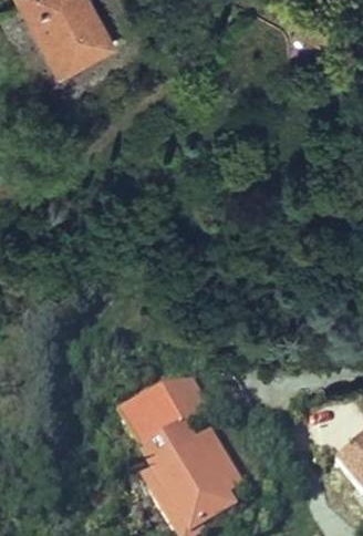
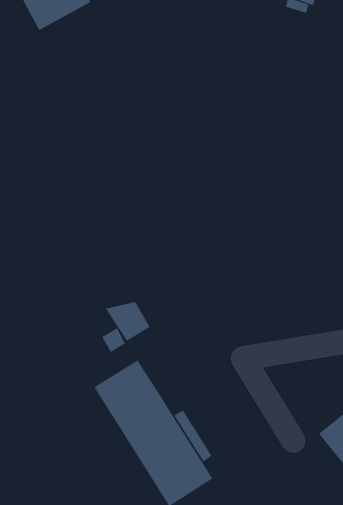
building: [159,388,204,426] -> [105,302,151,342]

